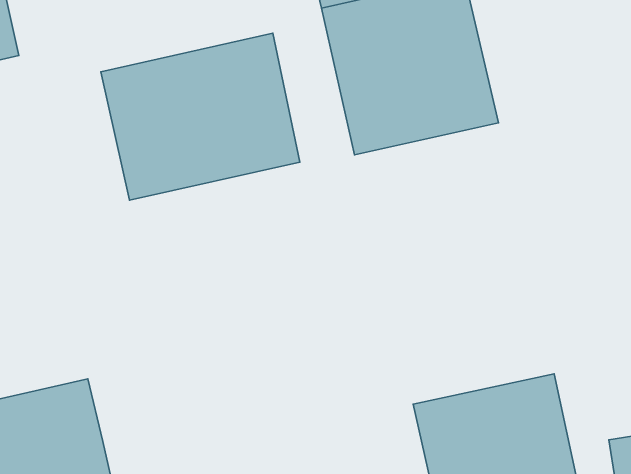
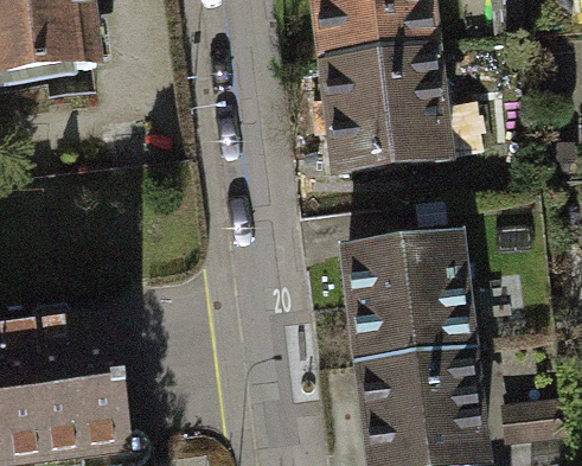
building: [101,33,300,200] -> none
building: none -> [348,238,468,362]

